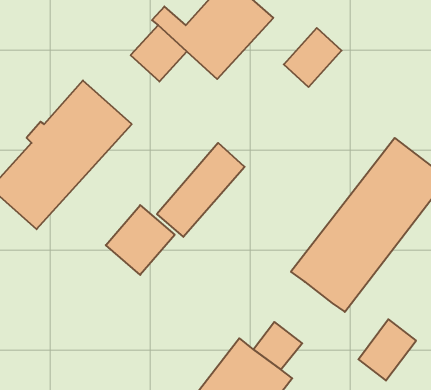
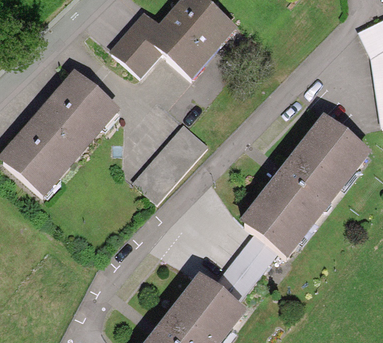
building: [284,28,342,87] -> none
building: [106,205,175,275] -> none
building: [358,319,416,381] -> [229,234,275,283]

